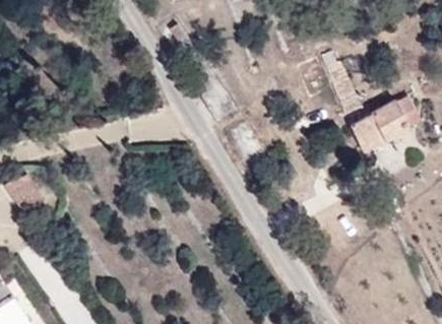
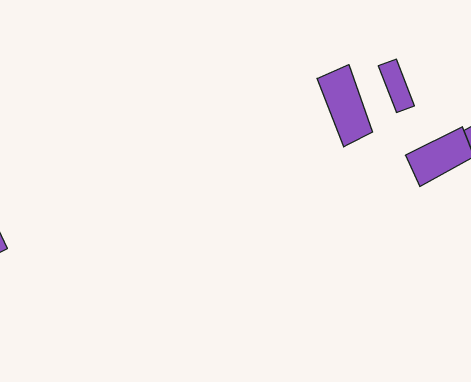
building: none -> [317,65,373,147]

